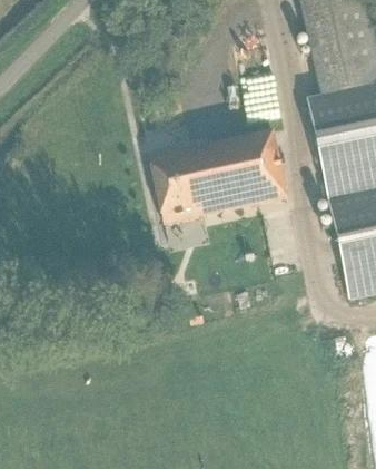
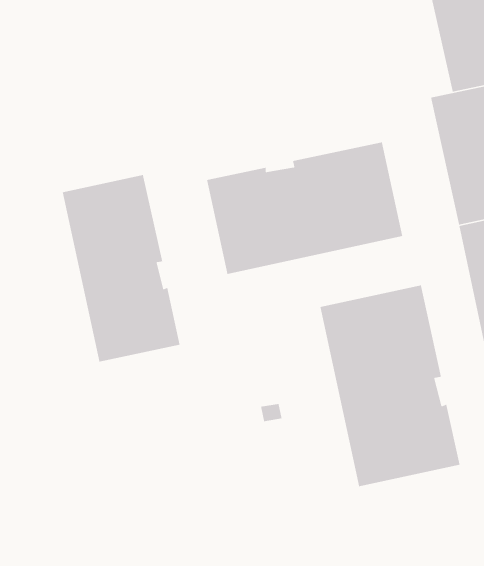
building: none -> [62,174,181,363]
building: none -> [319,284,461,487]

